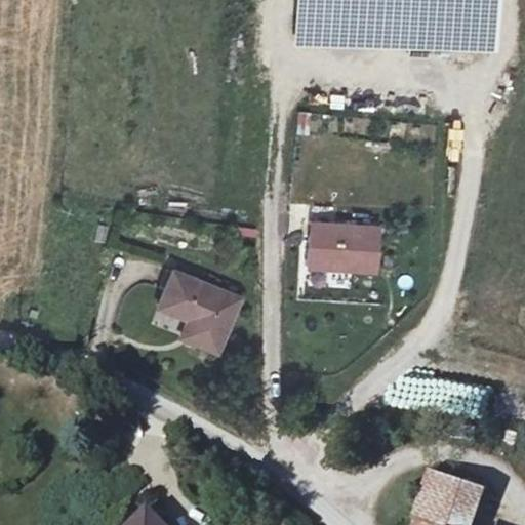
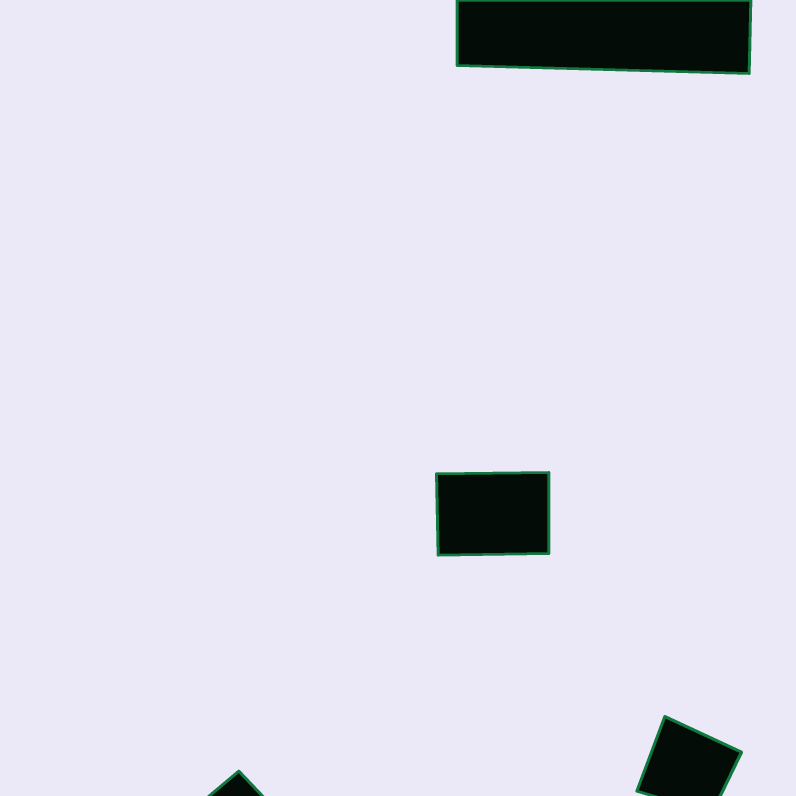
building: [302,216,376,271] -> [437,472,549,555]
building: [157,270,237,351] -> none

